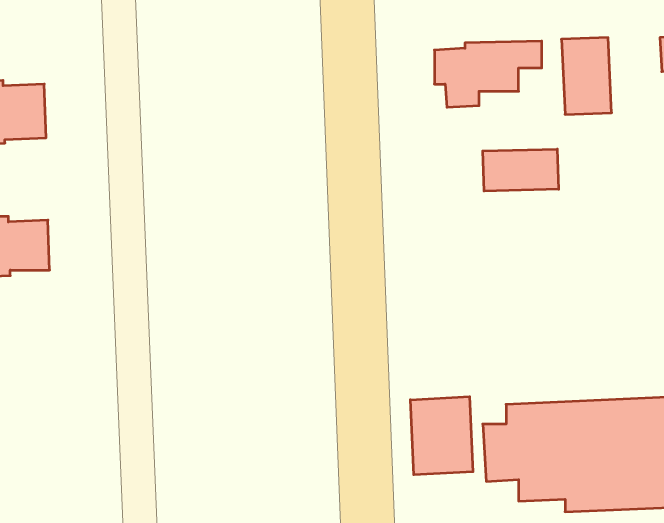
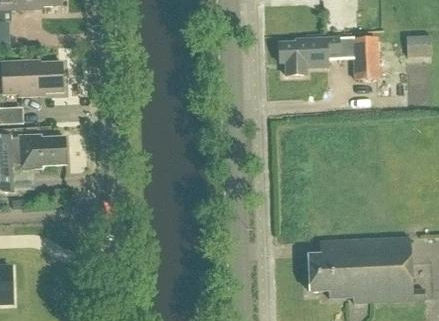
building: [483,149,559,191] -> none
building: [410,397,473,475] -> none

